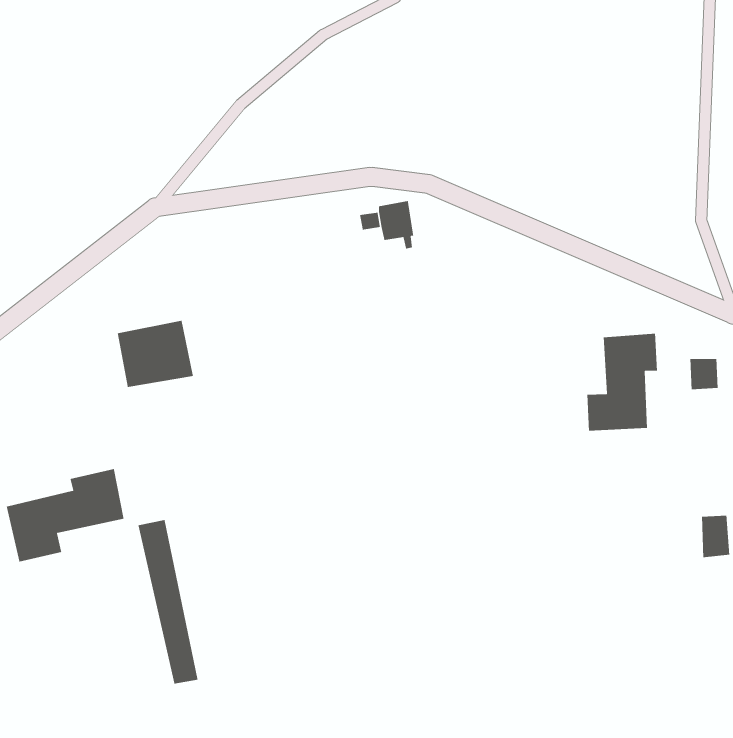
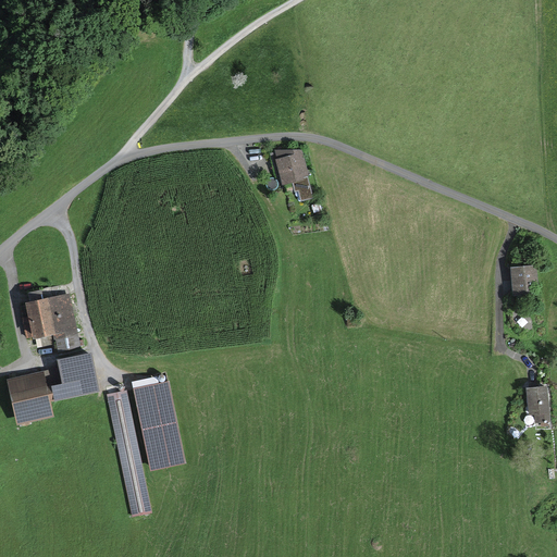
building: [117,320,194,388] -> [25,294,83,345]
building: [586,333,658,431] -> none
building: none -> [133,381,185,460]

